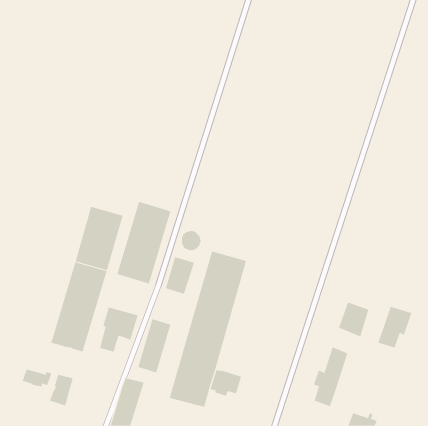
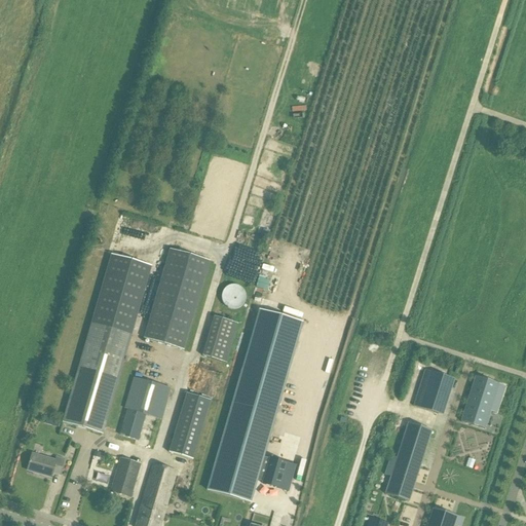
building: [49,374,73,406] -> [111,456,141,495]

